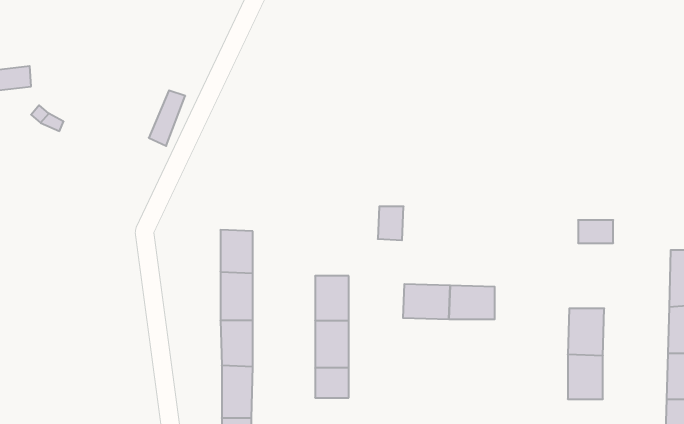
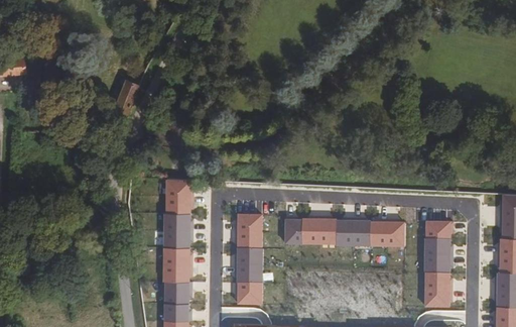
building: [378,206,404,240] -> [284,219,303,244]
building: [578,220,613,243] -> [426,220,453,237]
building: none -> [371,221,405,246]

